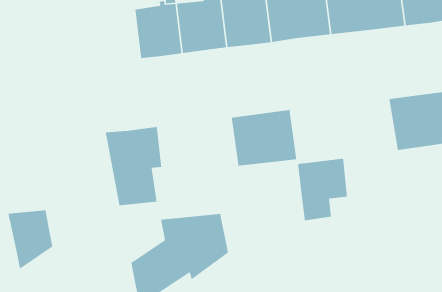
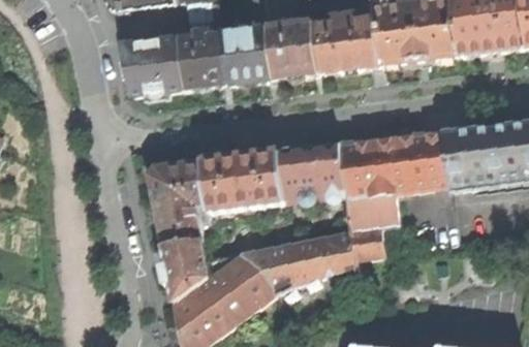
building: none -> [122,37,184,95]
building: none -> [340,130,452,198]
building: none -> [201,150,285,211]
building: none -> [268,233,356,291]
building: [8,209,53,270] -> [161,239,209,302]

